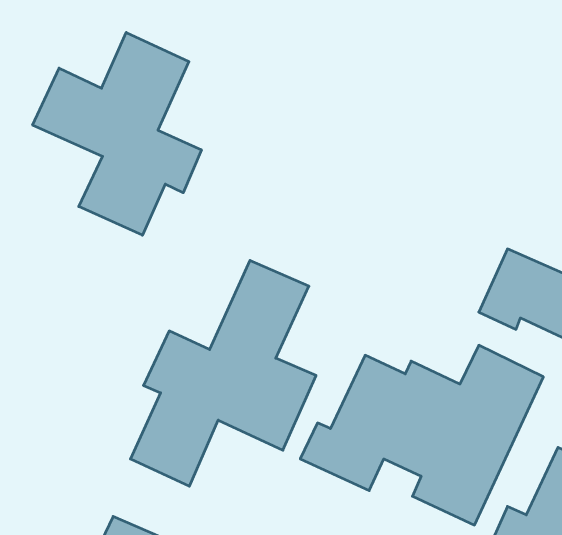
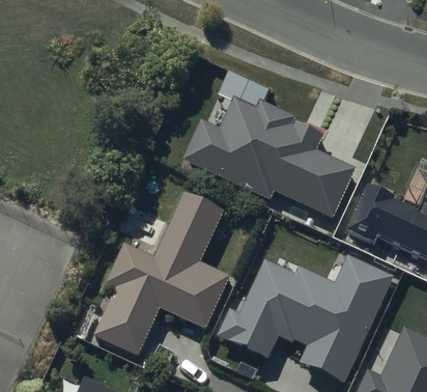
building: [33,32,201,235] -> none
building: none -> [182,96,355,217]

